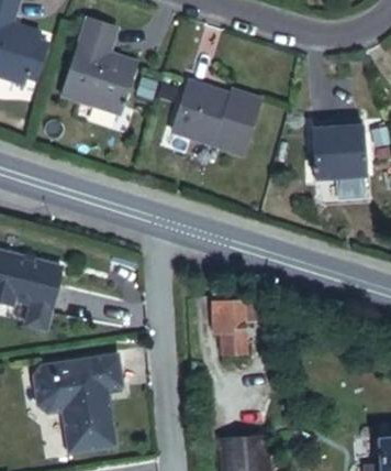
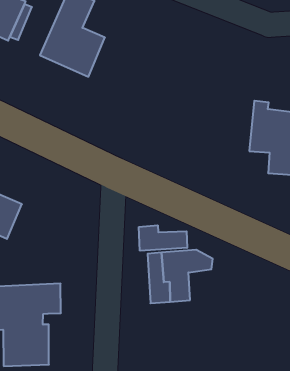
building: [172,77,264,153] -> none
building: none -> [139,225,187,251]

